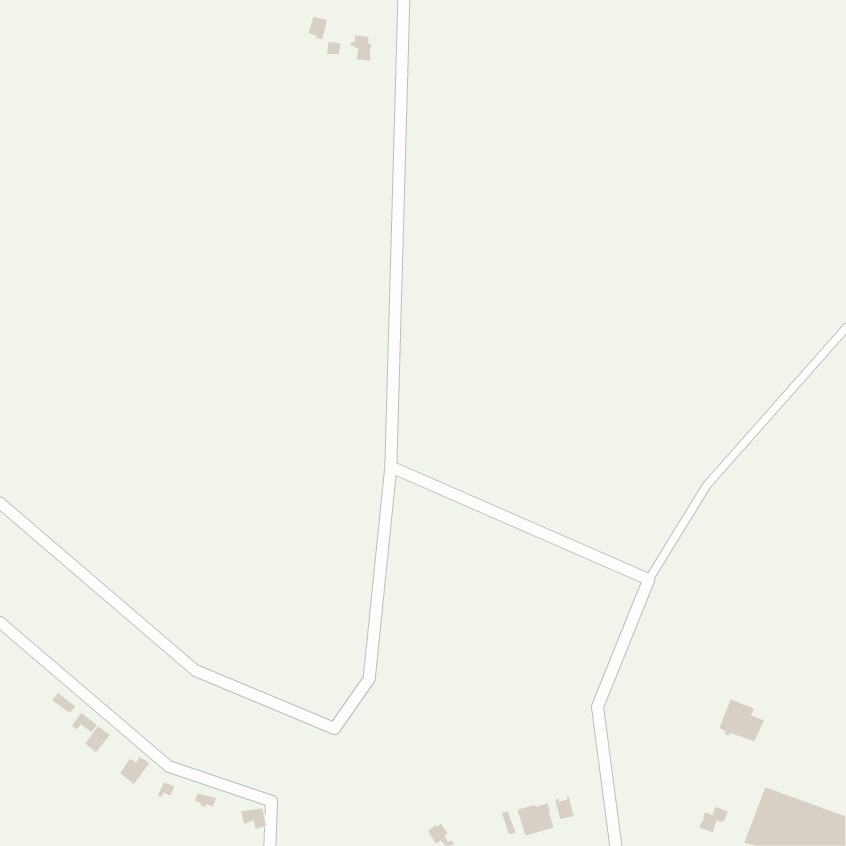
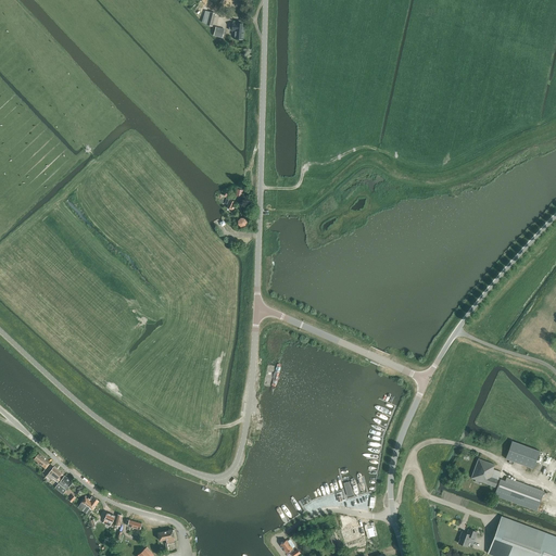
building: none -> [506,443,540,470]
building: none -> [494,477,544,511]

